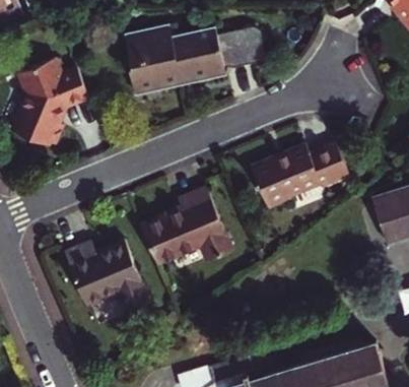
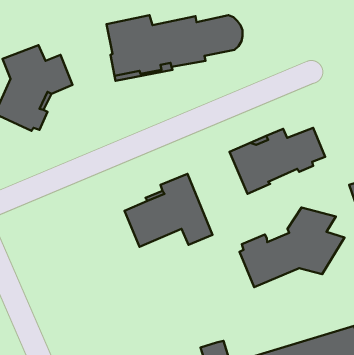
building: none -> [239,207,345,287]
building: [65,239,150,313] -> none

